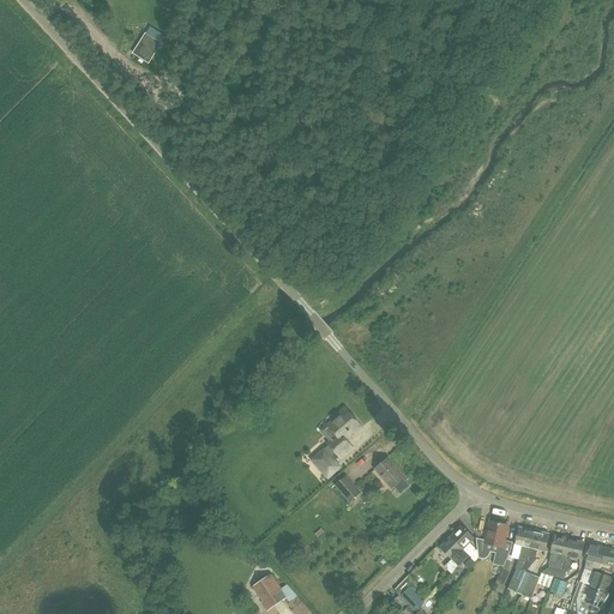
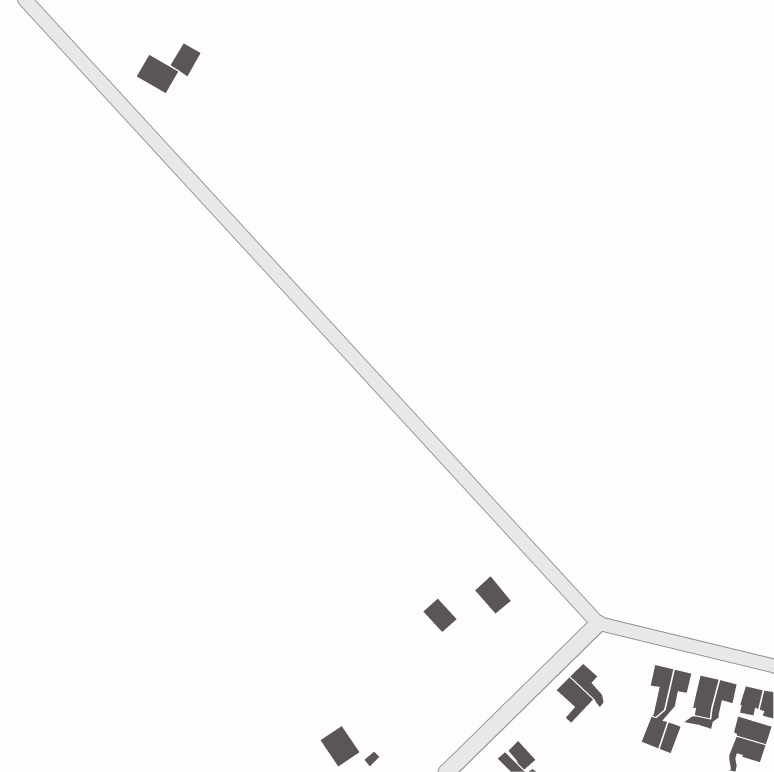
building: none -> [136,54,179,94]
building: [311,405,363,477] -> none
building: [476,519,512,565] -> none

